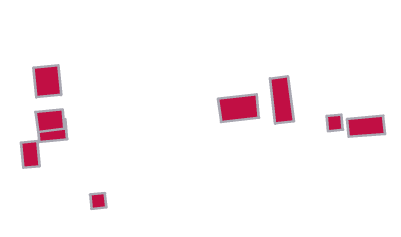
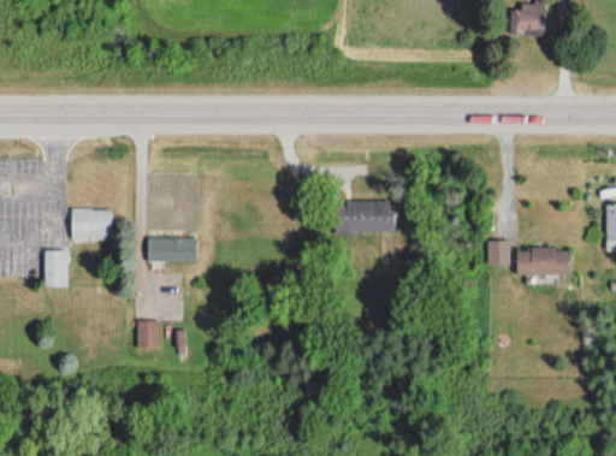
building: [34,65,61,97] -> none
building: [270,76,294,124] -> none
building: none -> [147,238,196,262]

